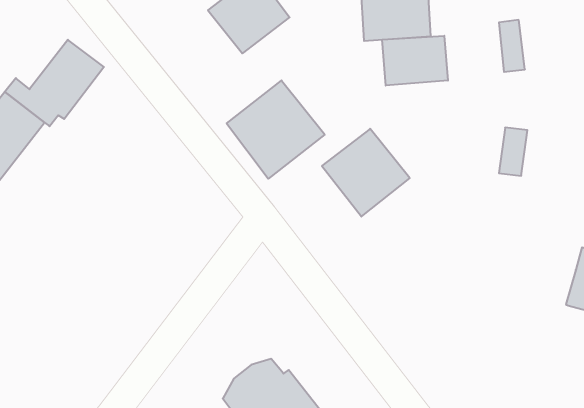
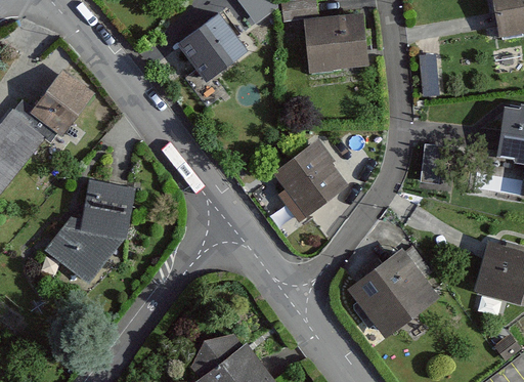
building: [382,36,448,86] -> none
building: [227,80,325,179] -> none
building: none -> [46,181,133,283]
building: none -> [348,248,437,337]

